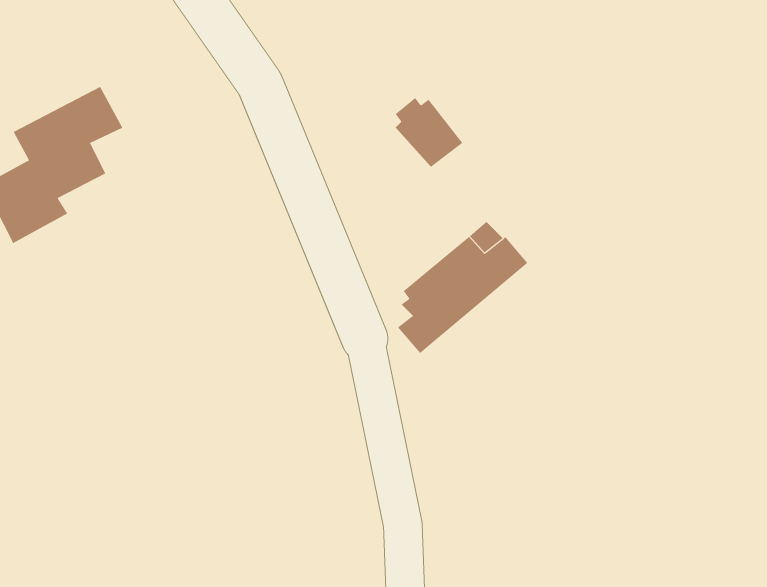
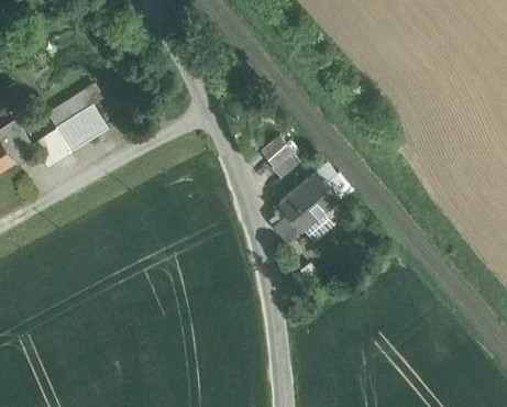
building: [395,97,463,167] -> [257,133,297,174]

